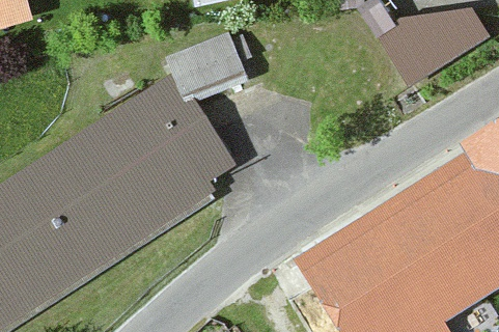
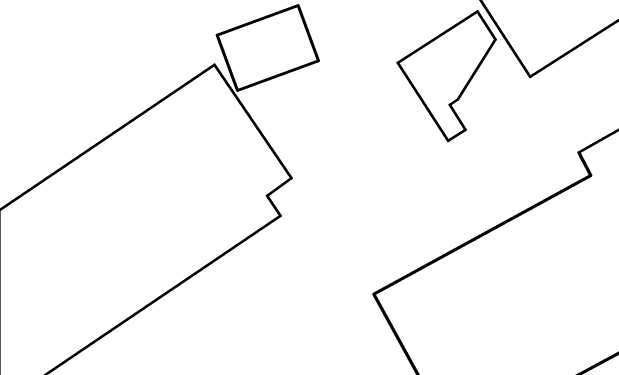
building: none -> [398,11,495,141]

